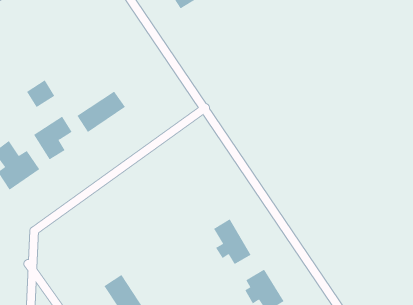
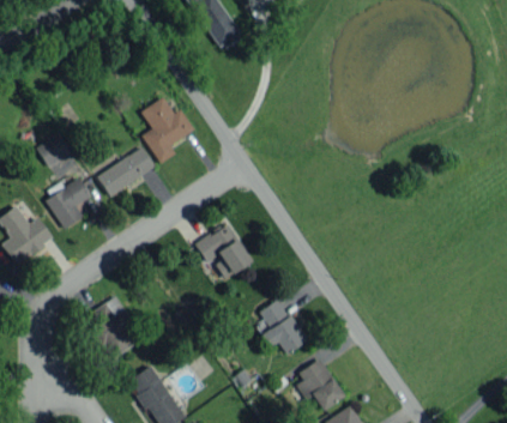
building: none -> [141,97,194,163]
building: none -> [197,222,254,282]
building: none -> [85,296,135,359]

